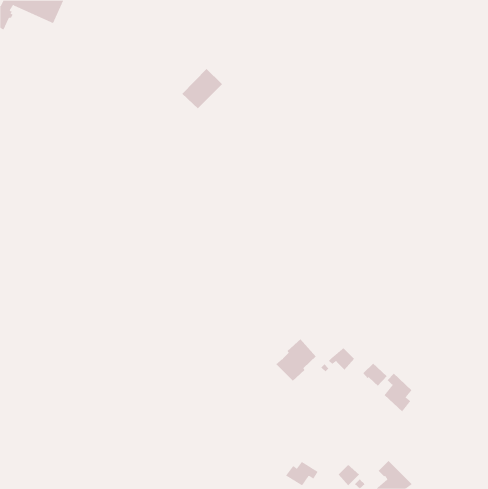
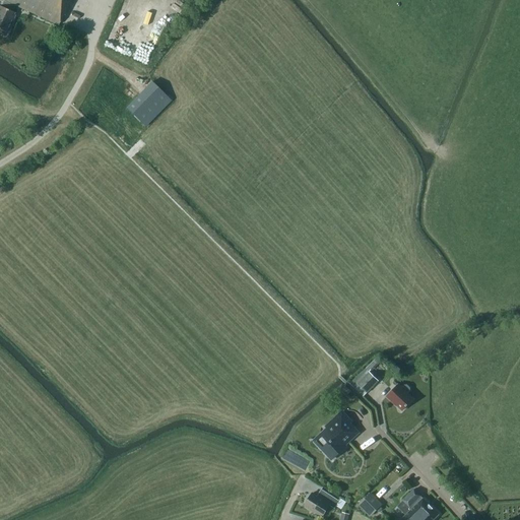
building: [182,68,223,109] -> [126,81,170,125]
building: [276,338,317,382] -> [313,413,356,459]
building: [384,373,412,412] -> none

